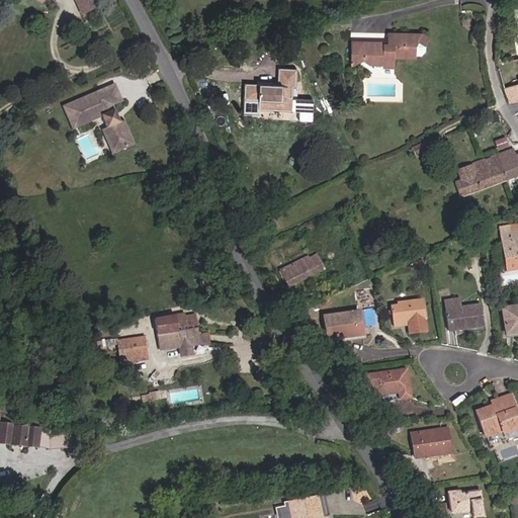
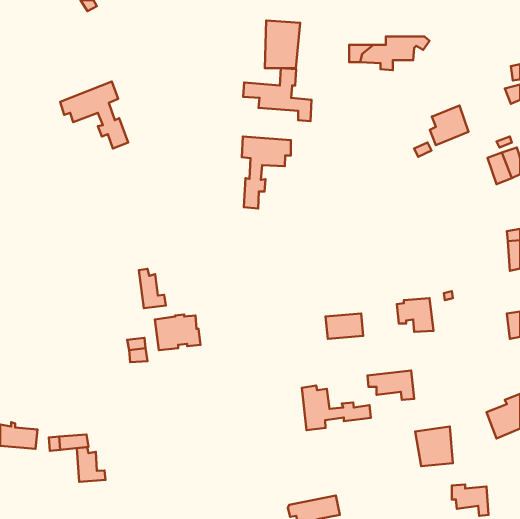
building: none -> [265,20,300,68]
building: none -> [242,137,291,208]
building: [455,158,494,197] -> [430,105,469,145]
building: [280,255,322,285] -> none
building: none -> [139,269,166,308]
building: [447,306,484,329] -> none
building: none -> [302,385,371,430]
building: none -> [77,447,106,482]

